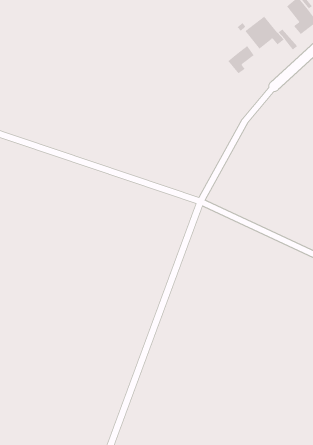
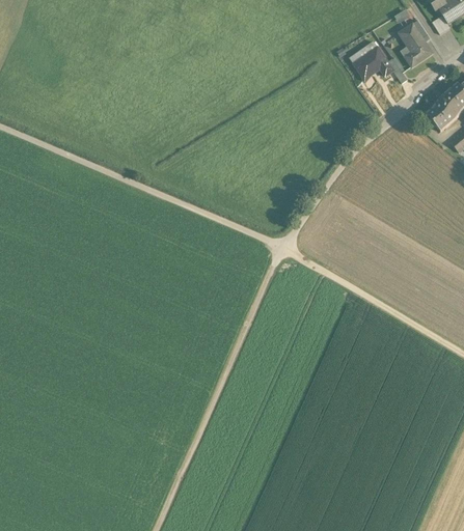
building: [228,45,255,74] -> none

